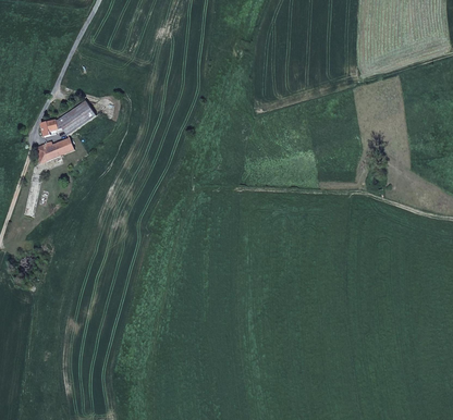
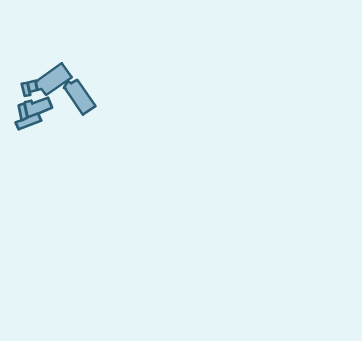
building: none -> [64,80,95,115]

